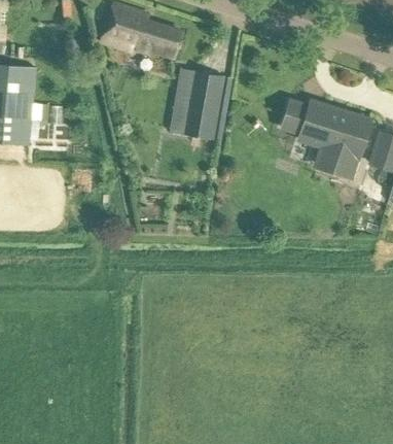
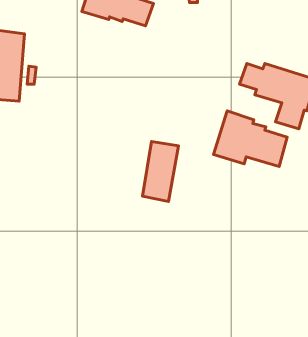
building: [181,70,222,139] -> [143,141,179,201]
building: none -> [214,111,287,167]

